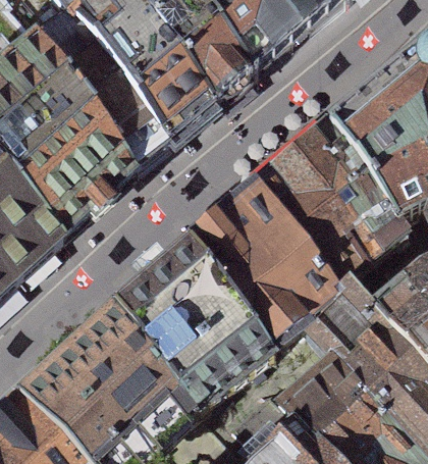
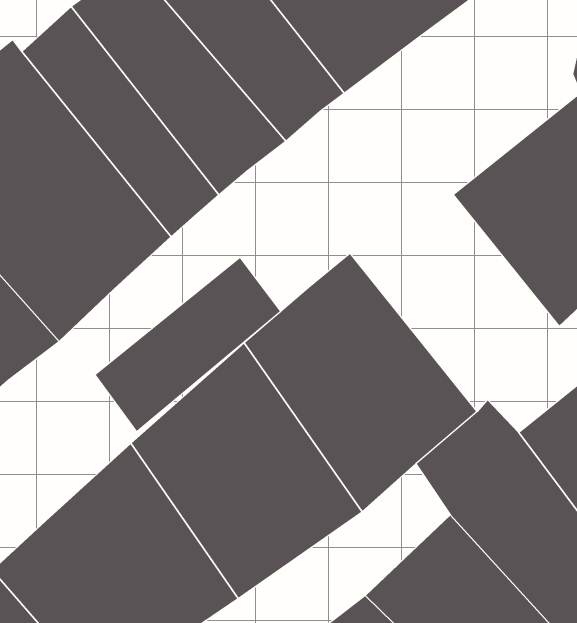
building: [254,131,396,290] -> none
building: none -> [95,257,281,432]

